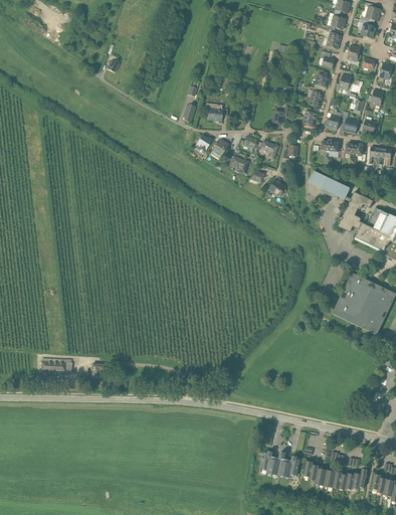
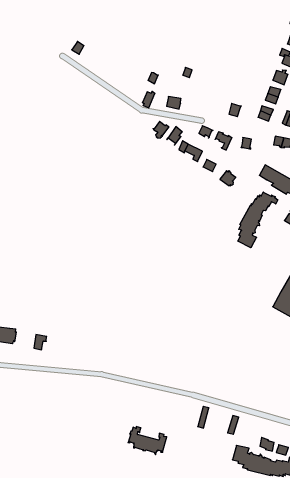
building: none -> [238,192,278,248]
building: [261,451,301,478] -> [128,427,167,455]

